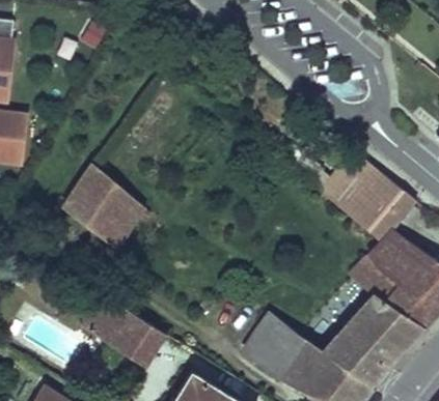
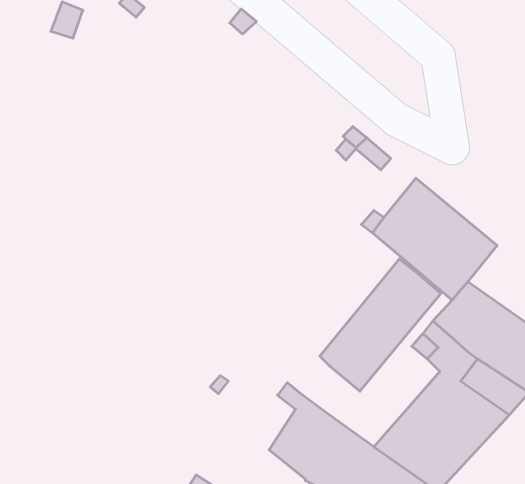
building: [63,164,149,247] -> none
building: none -> [320,259,441,391]
building: [87,297,164,366] -> none

